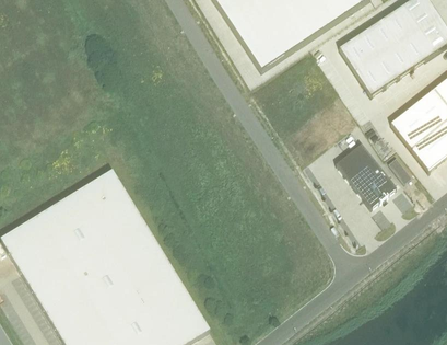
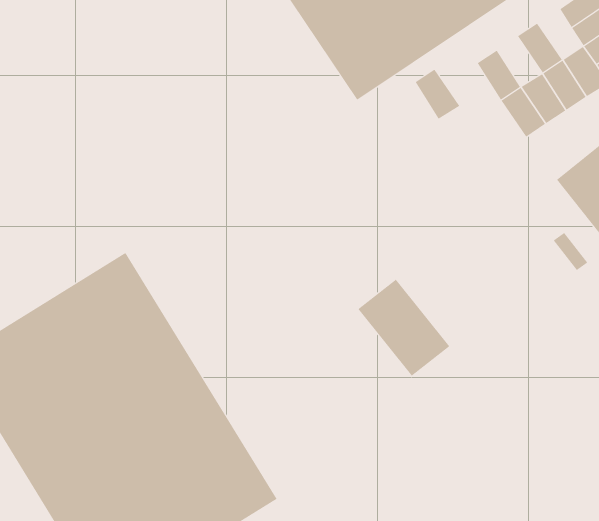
building: [378,11,408,44] -> none
building: [352,28,381,61] -> [415,69,460,119]
building: [336,142,396,206] -> [357,279,450,377]

